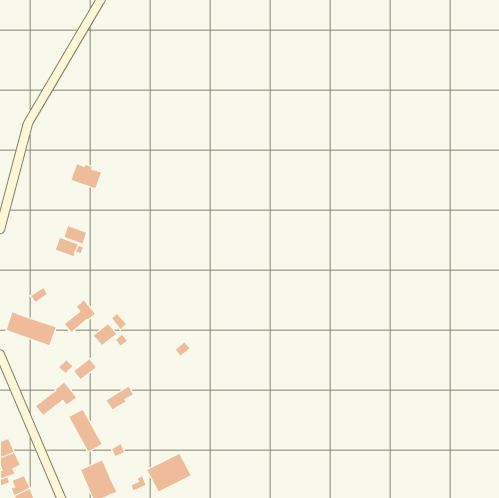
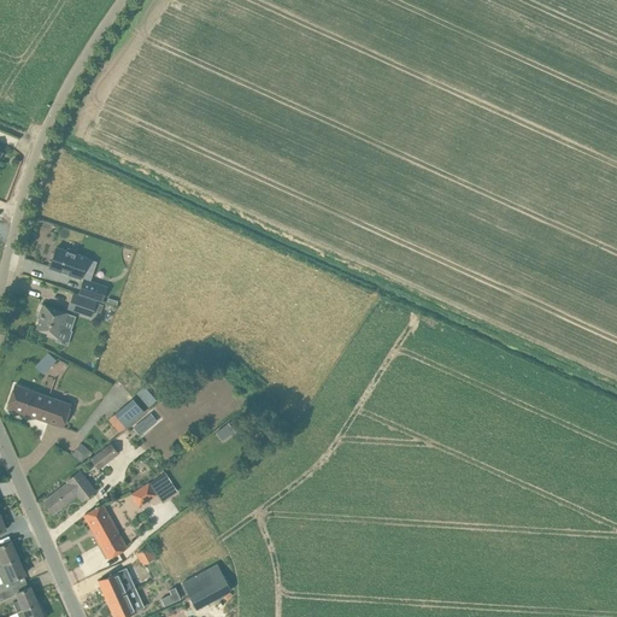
building: [71,163,102,189] -> [49,248,88,280]
building: none -> [36,305,69,340]
building: [64,299,96,333] -> none

